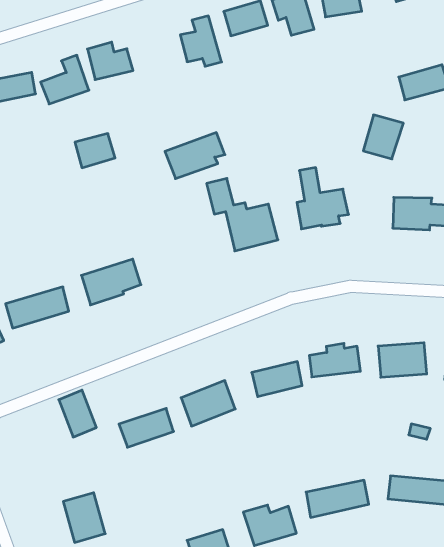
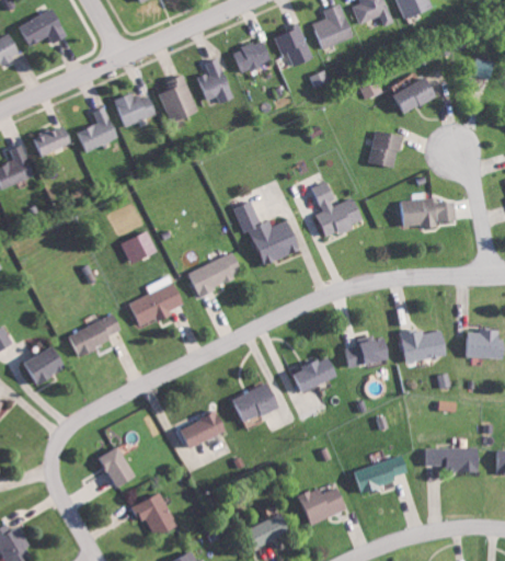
building: none -> [158,75,197,123]
building: [165,133,225,179] -> [188,251,242,296]
building: [75,134,115,168] -> [119,231,157,264]
building: [59,390,96,437] -> [101,445,137,488]

